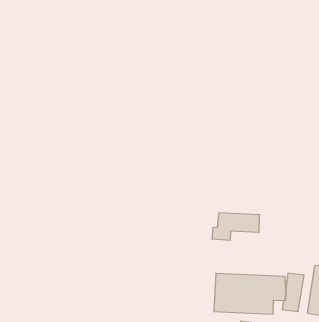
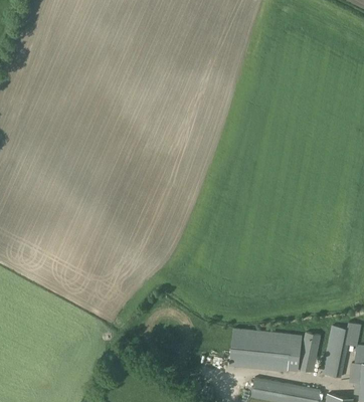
building: [212,213,259,240] -> none

